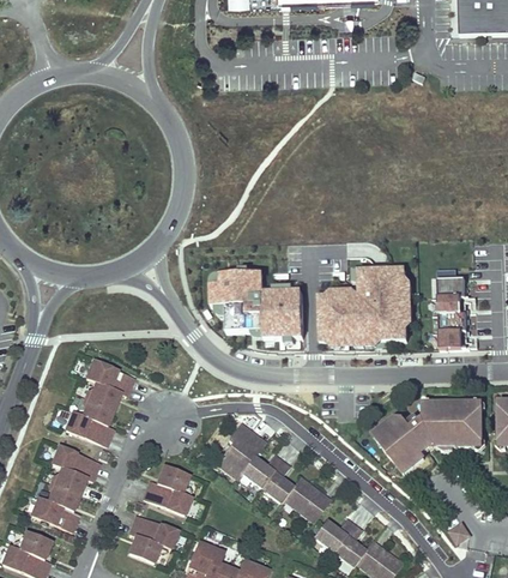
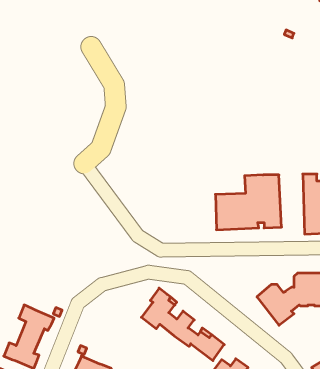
building: [210,272,303,338] -> none
building: [64,360,132,446] -> none
building: [141,465,189,514] -> none

